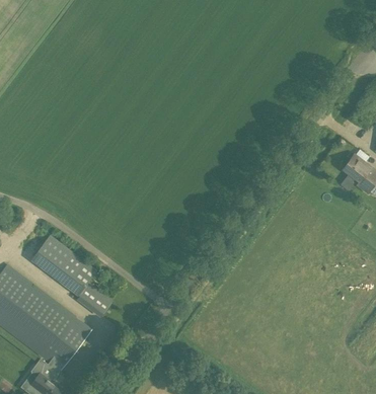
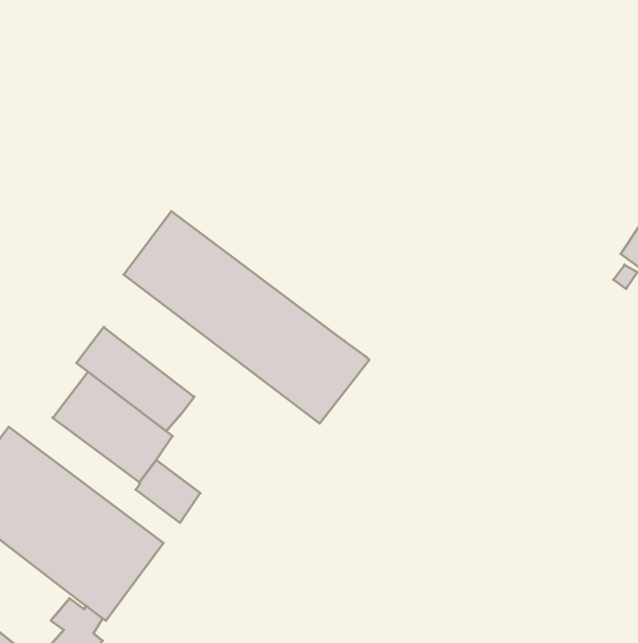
building: none -> [124,211,369,423]
building: none -> [76,327,194,431]

